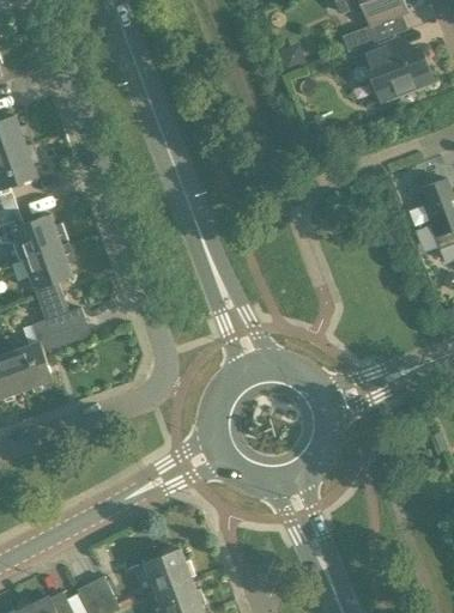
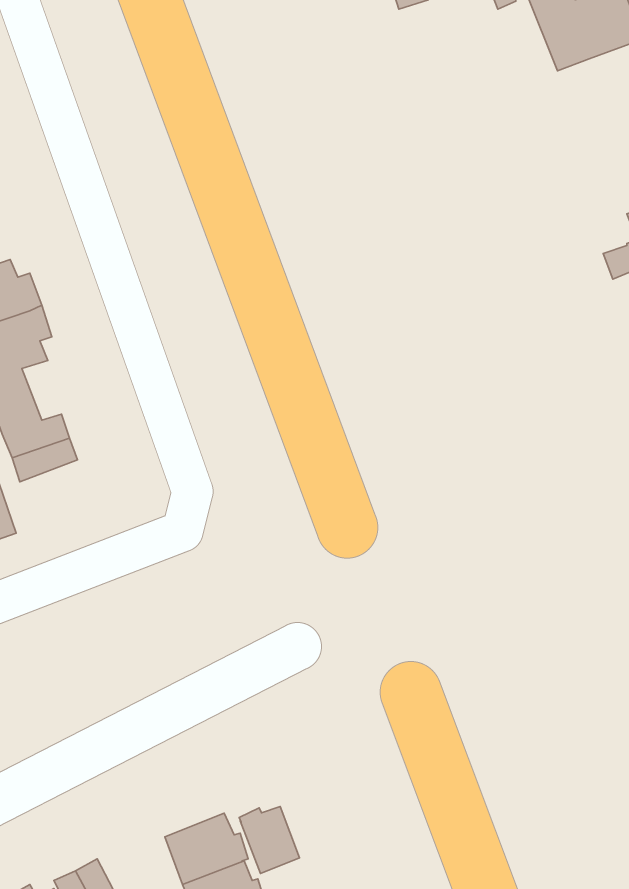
building: none -> [239,807,299,873]

